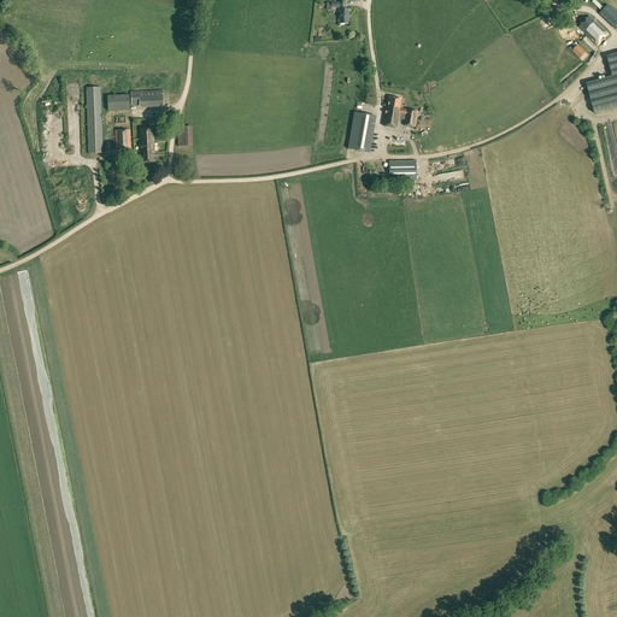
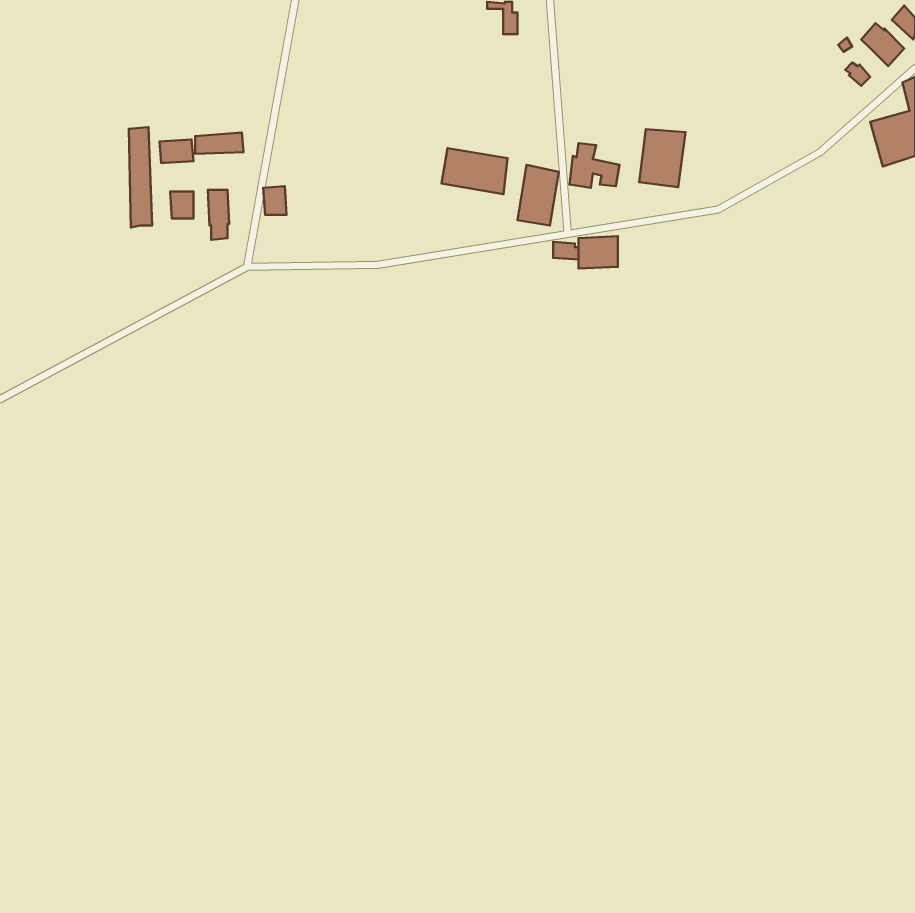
building: none -> [639,129,685,187]
building: none -> [442,148,508,194]

